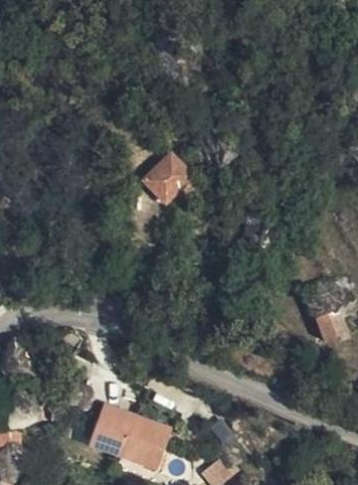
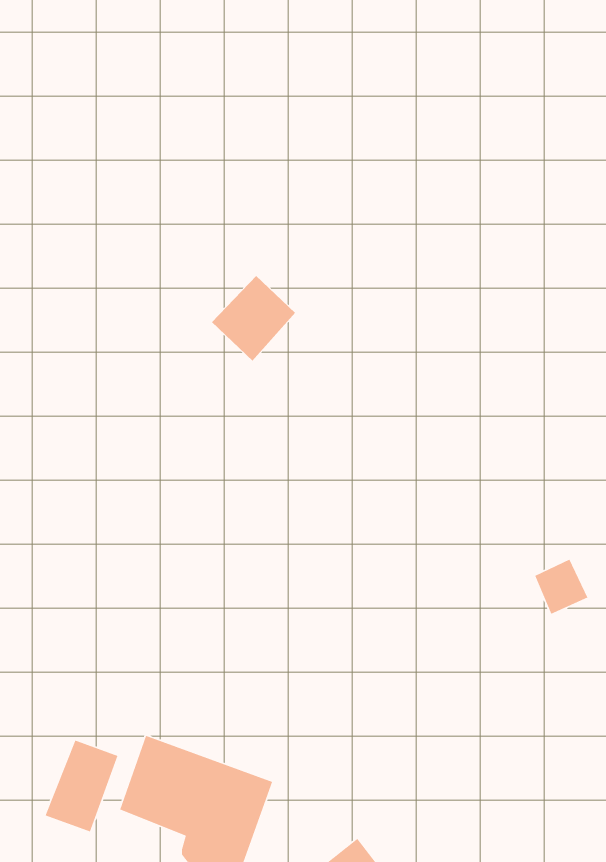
building: none -> [45,739,119,833]

